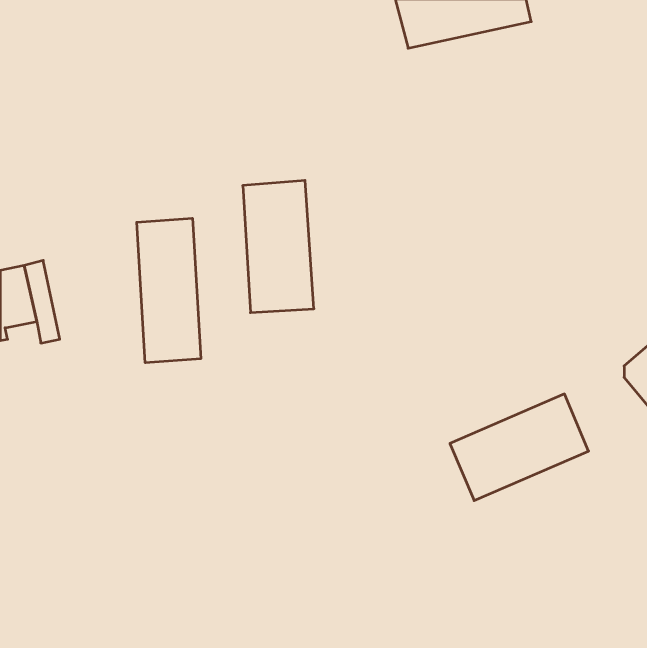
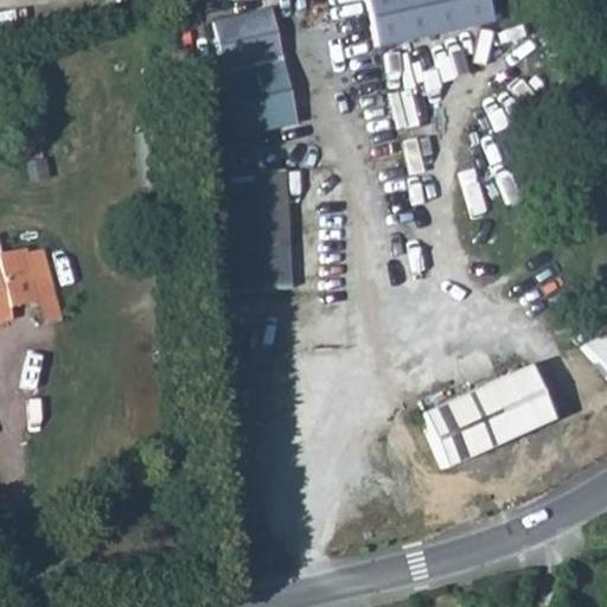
building: none -> [218,8,302,135]
building: [137,218,201,363] -> none

